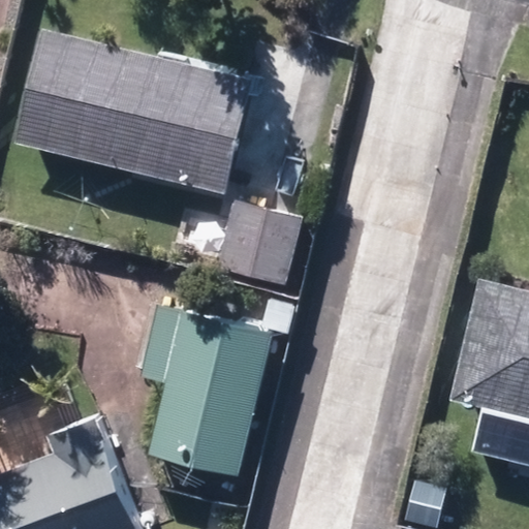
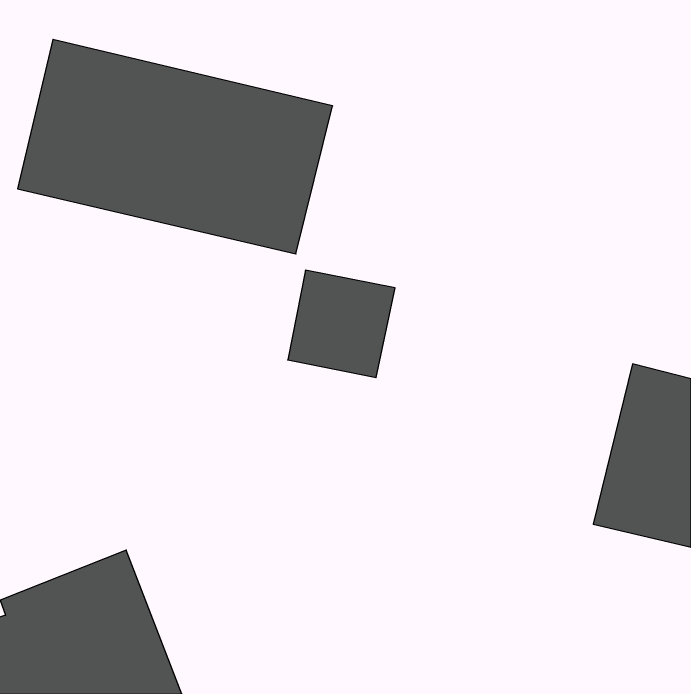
building: [142,304,273,474] -> none

